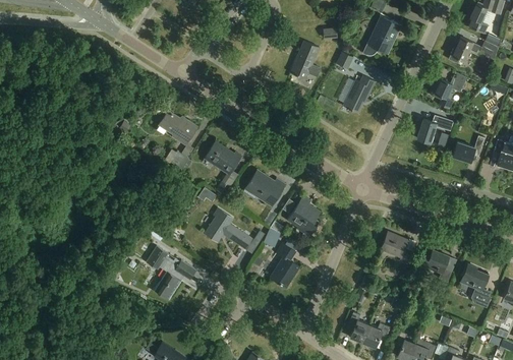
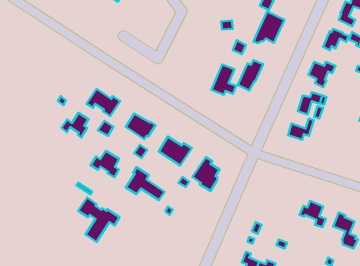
building: [290,41,321,78] -> [211,64,236,95]
building: [453,135,484,162] -> [288,119,314,140]
building: none -> [62,113,88,137]
building: none -> [91,151,119,177]
building: [381,231,413,263] -> none
building: [271,243,299,287] -> none

